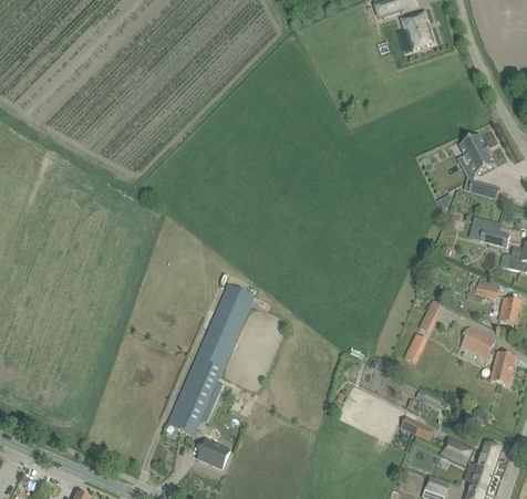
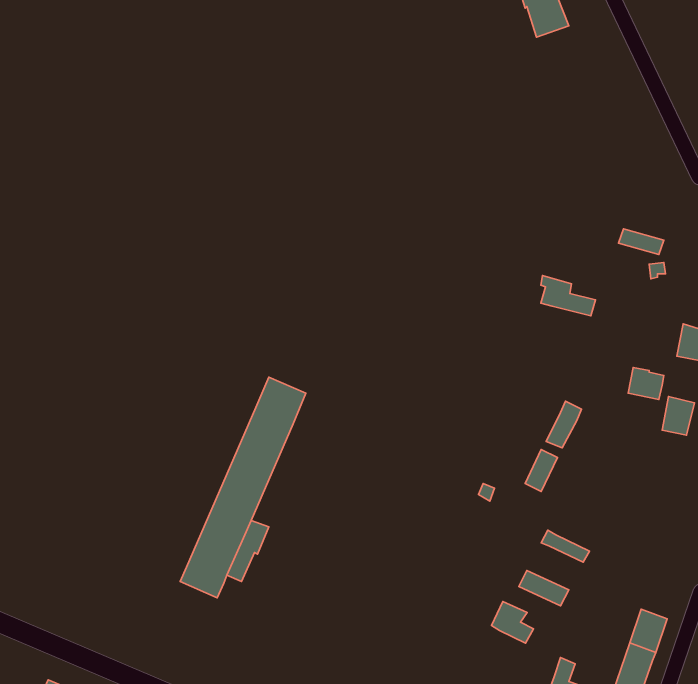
building: [458,134,494,174] -> none
building: [472,217,509,245] -> [541,276,596,316]
building: [461,326,495,355] -> none
building: [489,351,516,384] -> none
building: [197,433,229,468] -> none
building: [441,437,469,466] -> [492,601,533,643]

